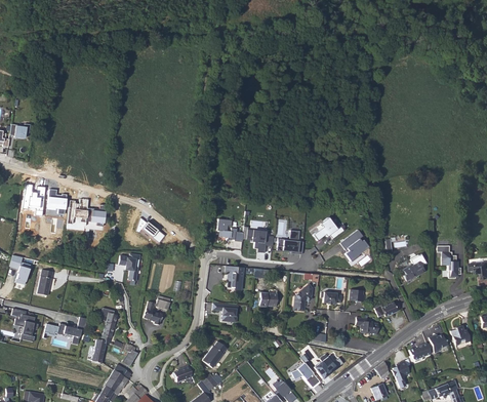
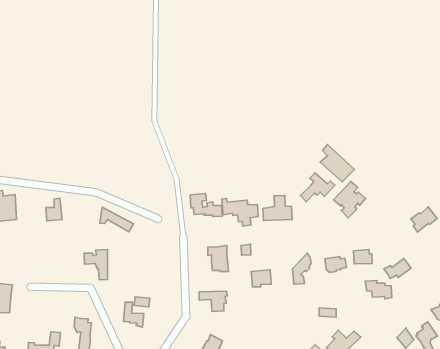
building: none -> [320,145,354,182]
building: [67,200,89,225] -> none

